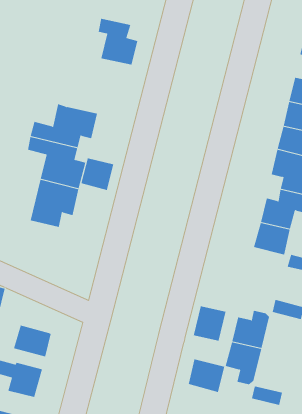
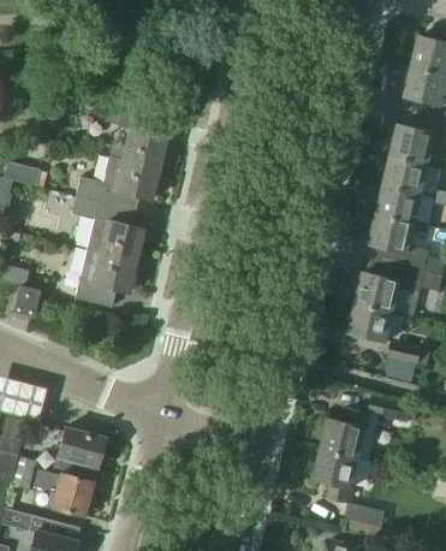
building: [98,18,138,65] -> [117,111,166,168]
building: [81,157,114,191] -> none
building: [193,306,226,341] -> none
building: [188,359,225,393] -> none

